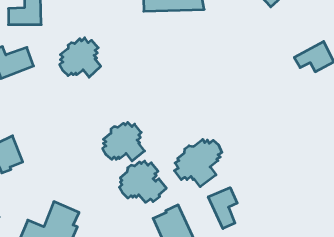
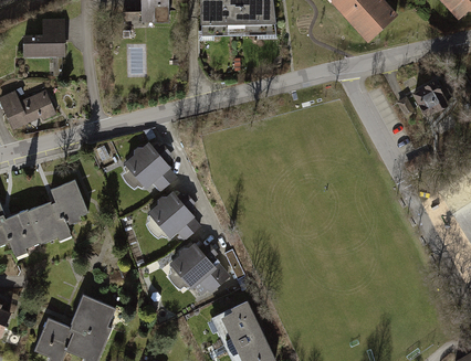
building: [60,38,101,77] -> [122,140,176,192]
building: none -> [28,179,86,246]
building: [174,139,222,187] -> none
building: [208,188,237,229] -> none

